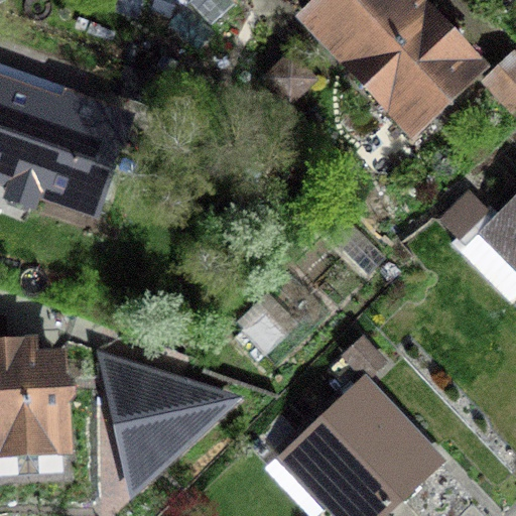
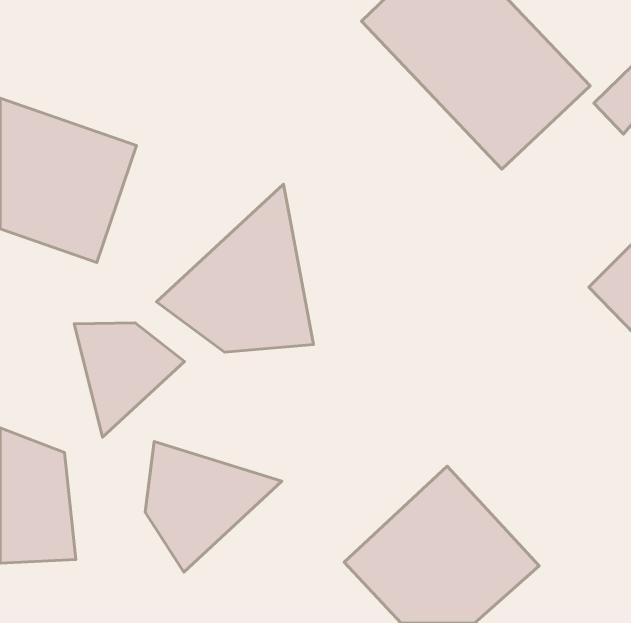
building: none -> [156,184,313,352]
building: none -> [74,323,184,437]

